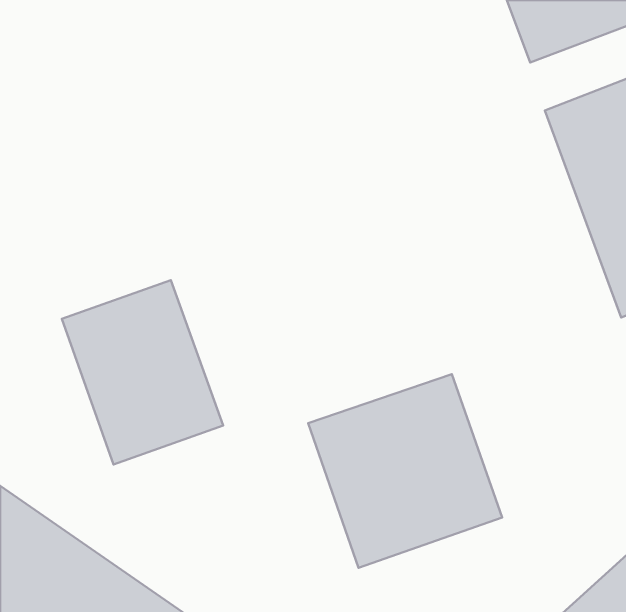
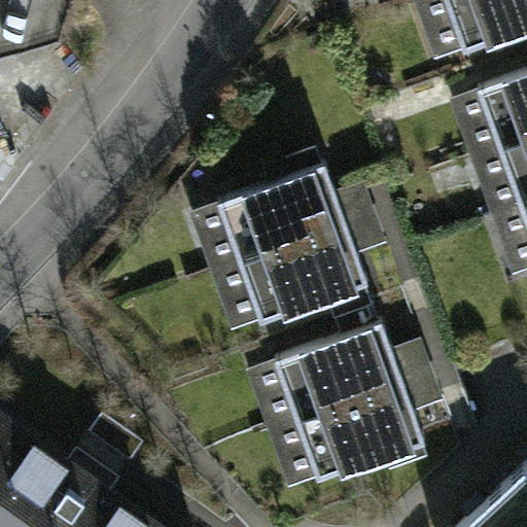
building: none -> [192,171,365,336]
building: [62,280,223,465] -> none

